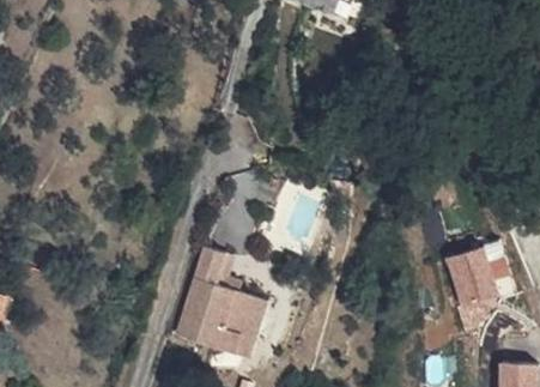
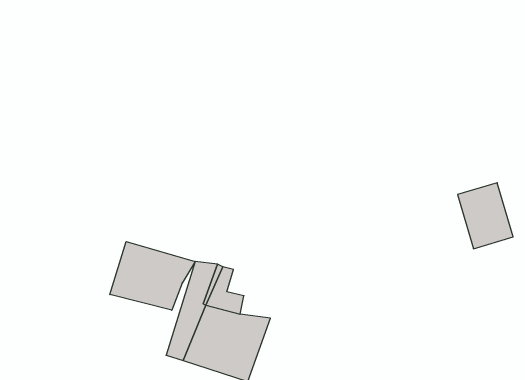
building: none -> [110,242,195,310]
building: [441,250,491,310] -> [458,183,513,249]

